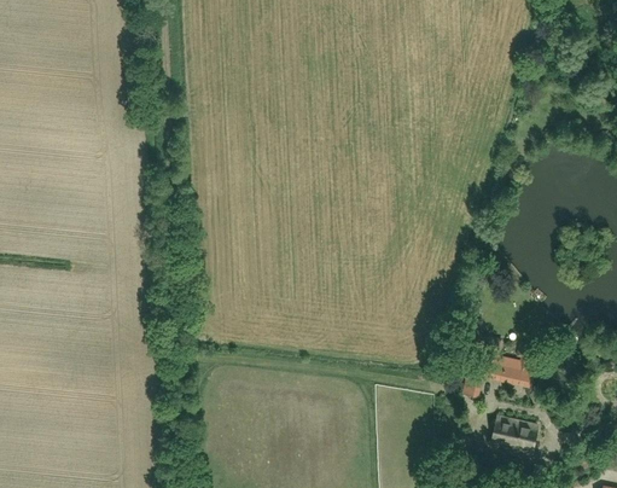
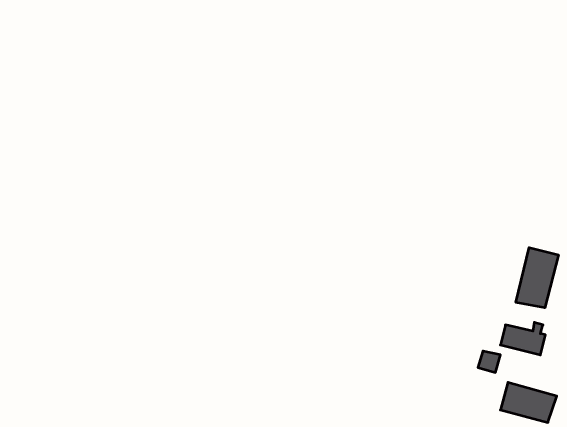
building: none -> [516,248,558,308]

